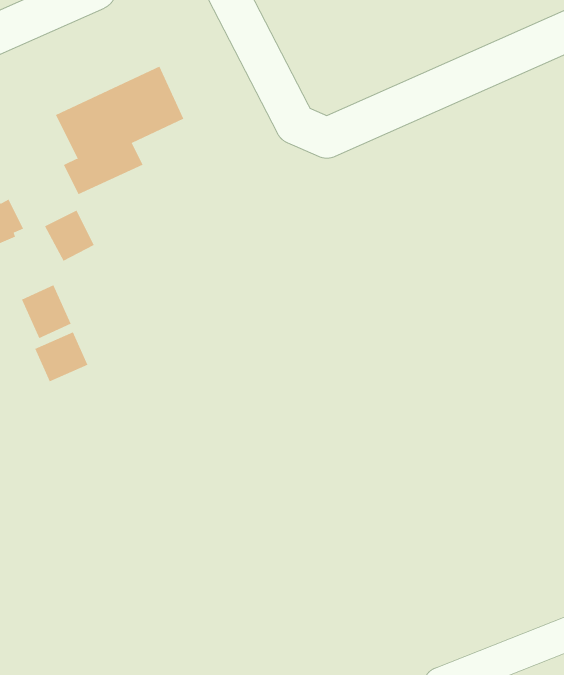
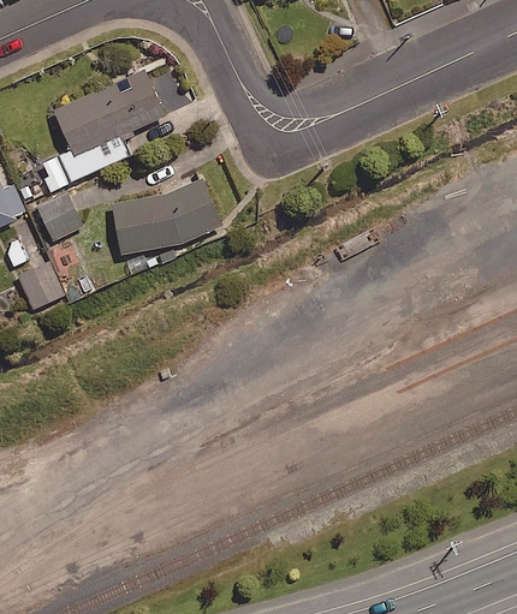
building: none -> [112,179,221,255]
building: [35,332,88,382] -> none

